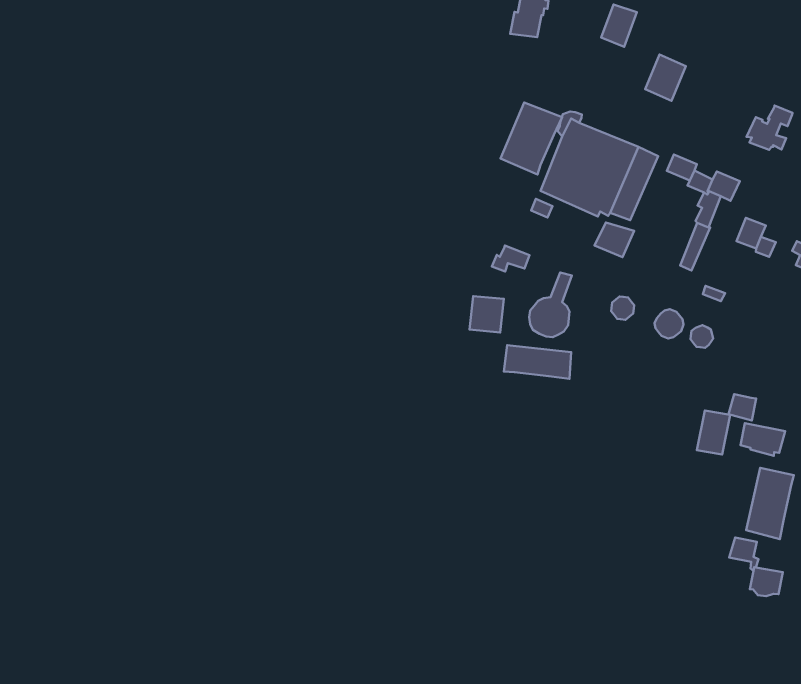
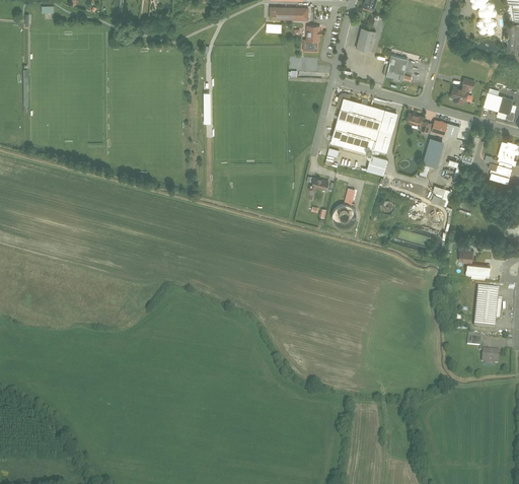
building: [501,102,562,174] -> none
building: [469,296,504,332] -> none
building: [504,345,571,379] -> none
building: [697,410,730,454] -> none

